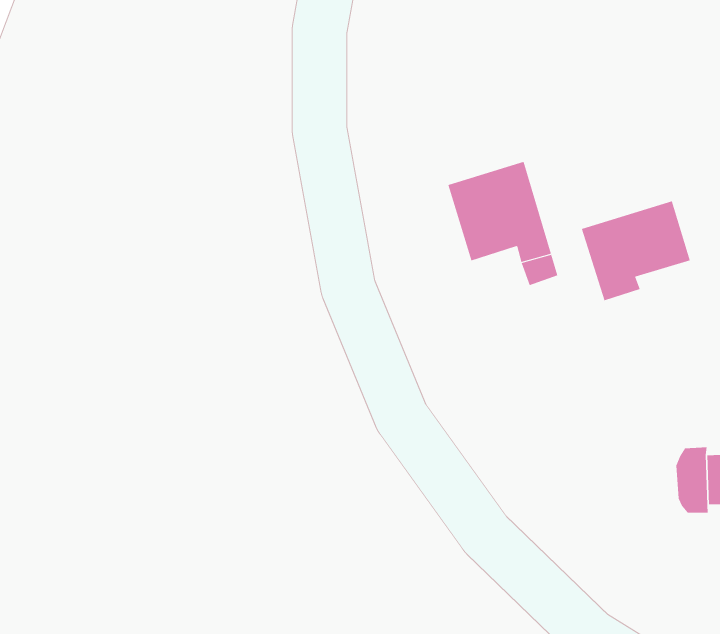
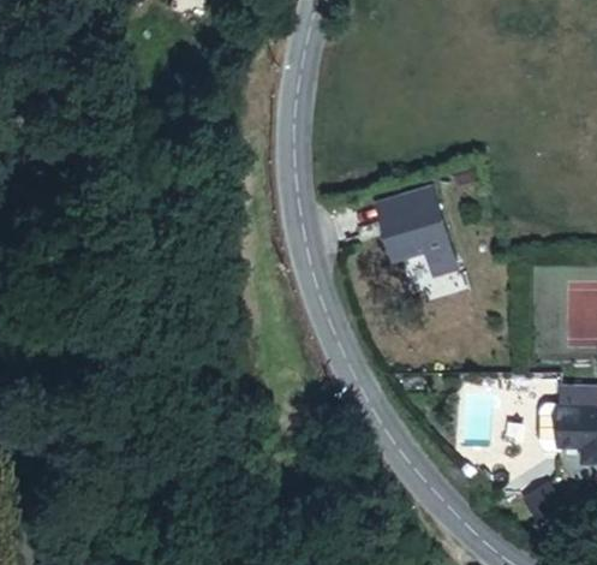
building: [581,201,691,301] -> none

